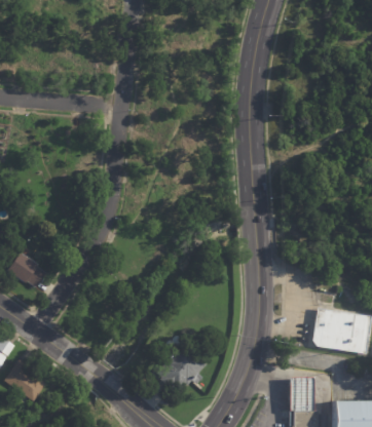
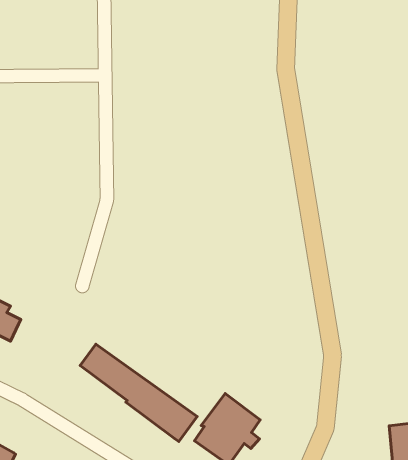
building: none -> [80,344,197,442]

